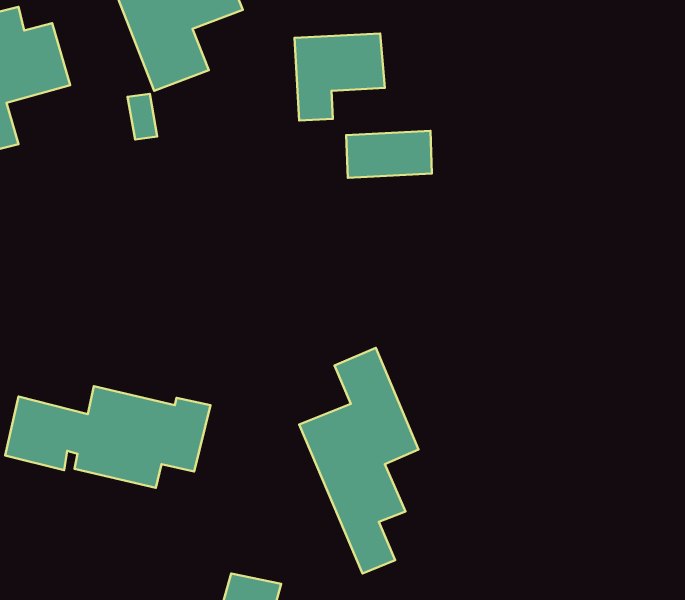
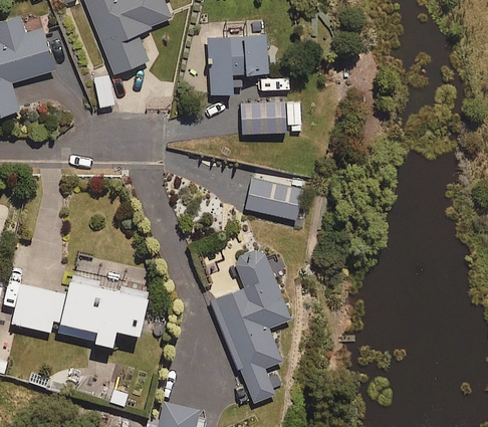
building: none -> [245,171,304,220]

